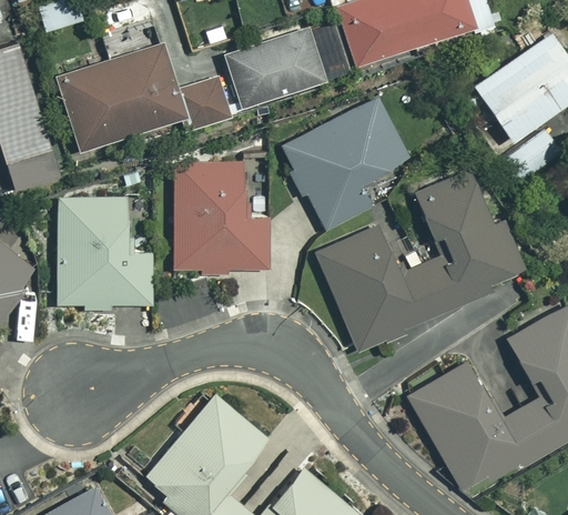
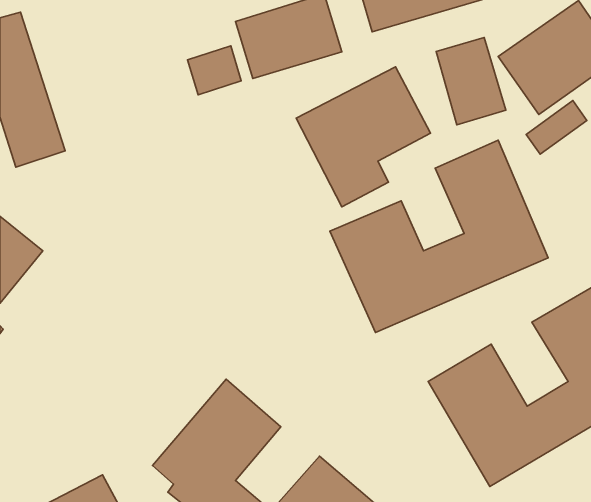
building: [55,44,184,150] -> none
building: none -> [436,37,506,125]
building: [174,163,270,271] -> none
building: [58,196,152,303] -> none

